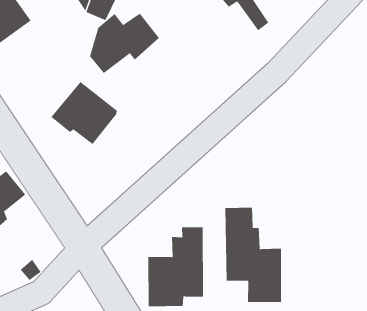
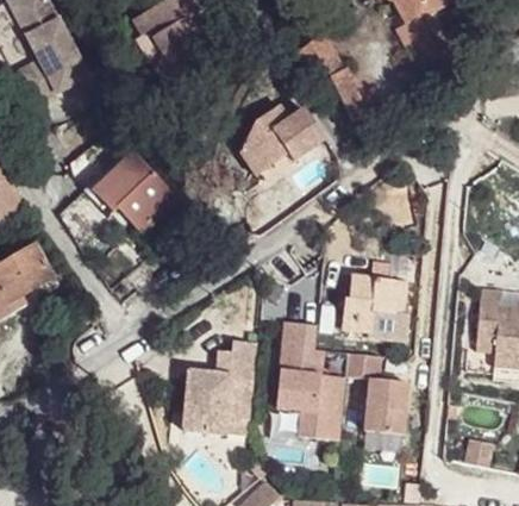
building: [89,13,160,74] -> [237,104,323,173]
building: none -> [344,269,408,342]
building: none -> [344,354,406,437]

